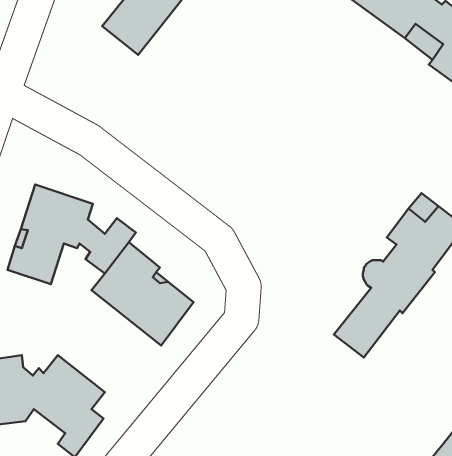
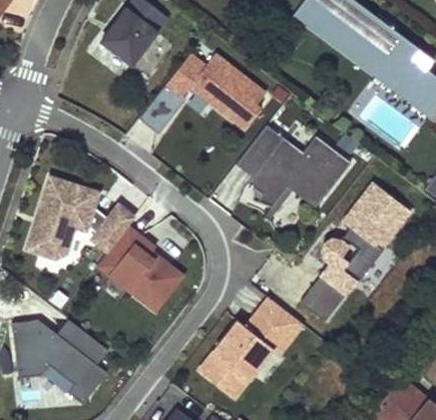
building: none -> [141,53,265,128]
building: none -> [236,124,350,208]
building: none -> [199,297,301,397]

